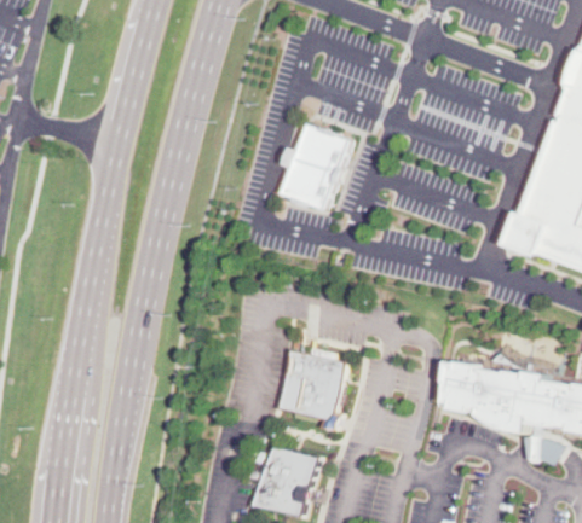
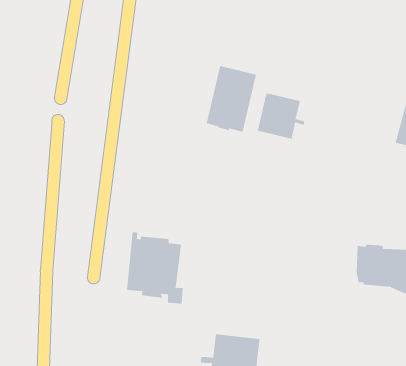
building: none -> [257,93,305,140]
building: [270,342,342,435] -> [126,232,184,304]

